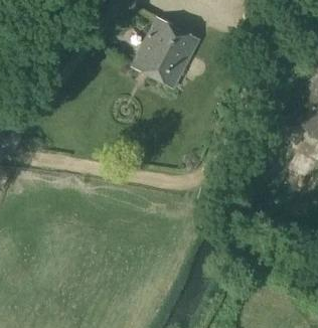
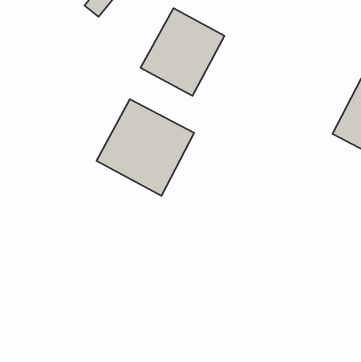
building: none -> [96,99,194,196]

